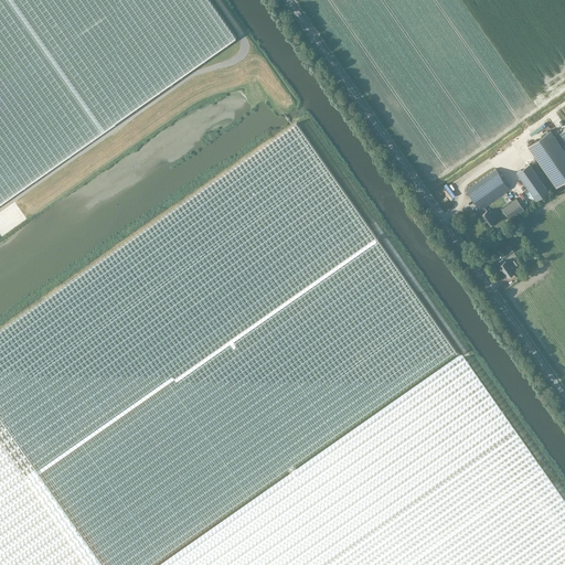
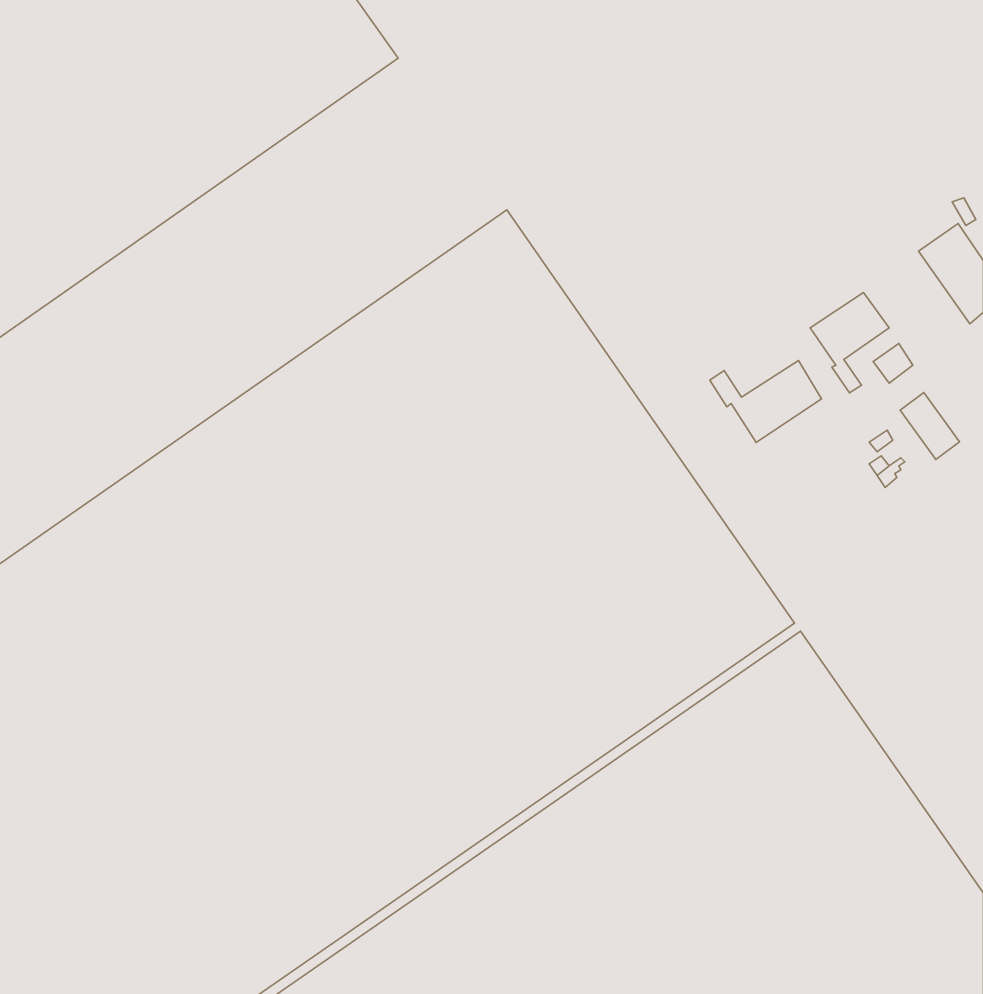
building: [516,164,550,202] -> [900,393,959,459]
building: none -> [710,361,822,442]

